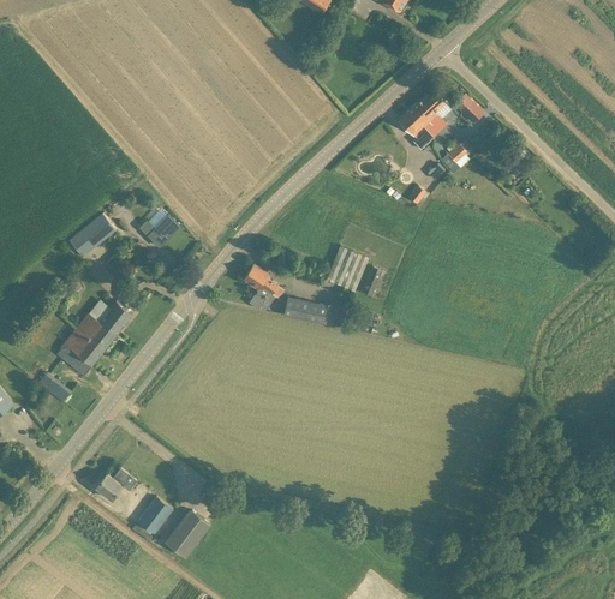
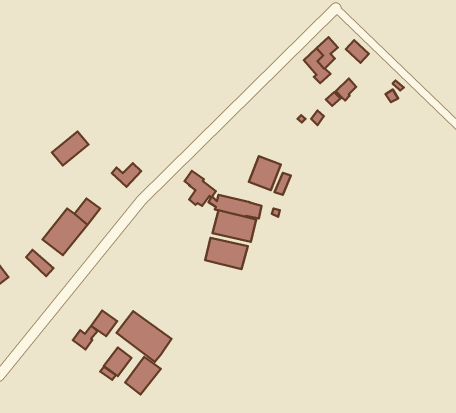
building: [139,215,178,246] -> [112,163,141,187]
building: none -> [212,210,256,242]
building: none -> [205,238,248,269]
building: none -> [91,311,117,336]
building: none -> [116,311,171,362]

